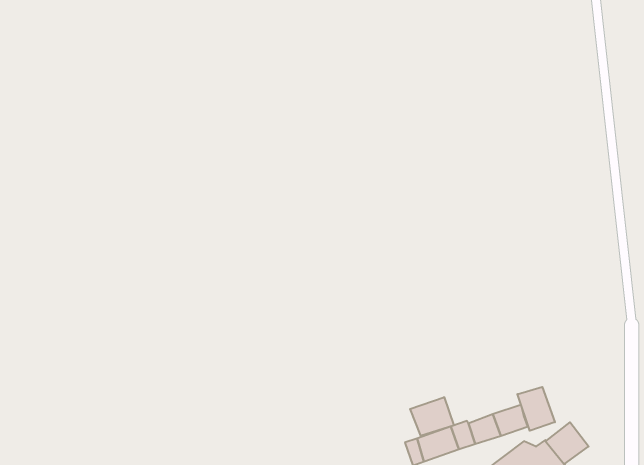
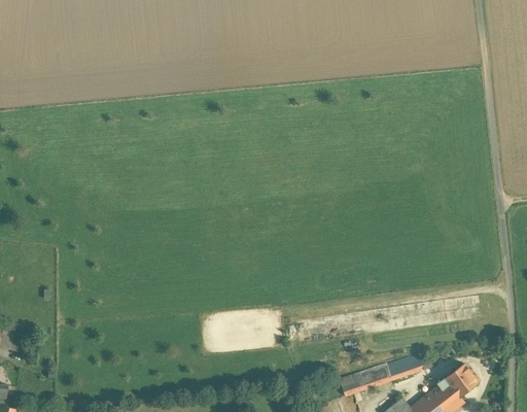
building: [517,387,555,431] -> none
building: [410,397,454,436] -> none

